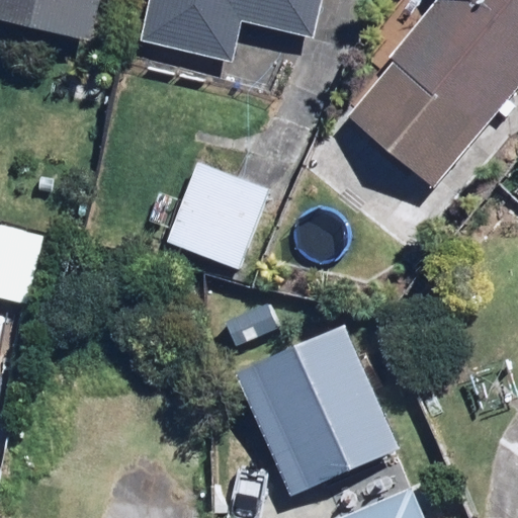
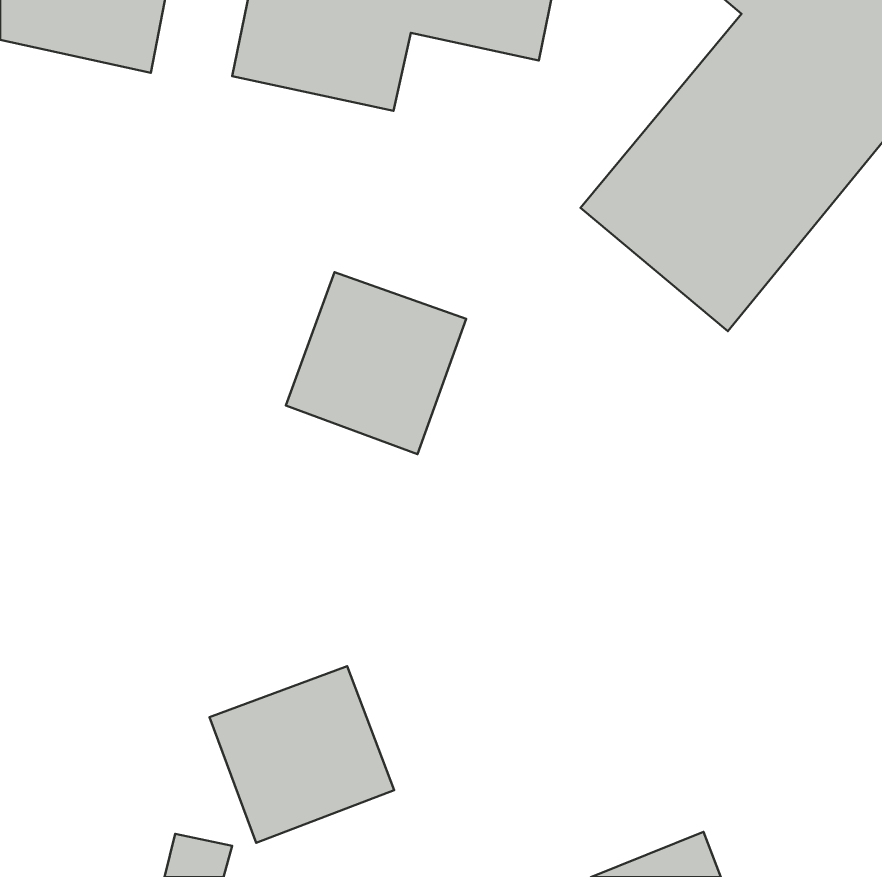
building: [231,316,411,505] -> none
building: none -> [209,666,394,843]

